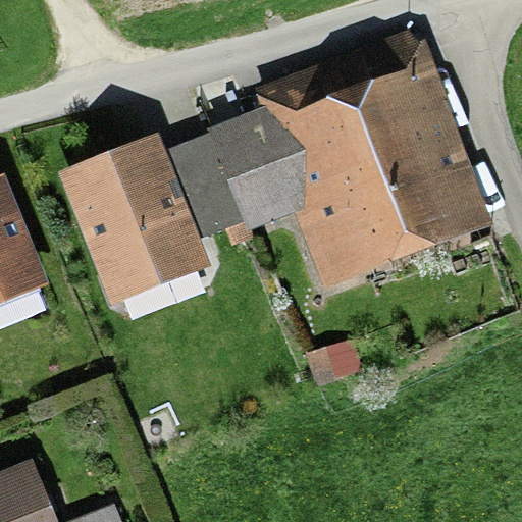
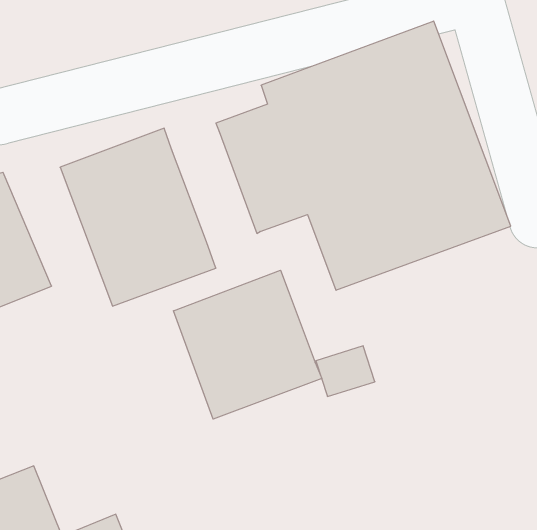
building: [166,135,255,249] -> none
building: none -> [173,270,322,419]

